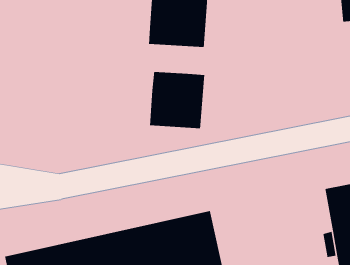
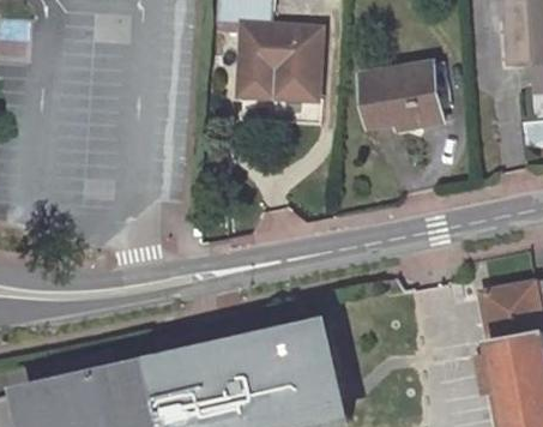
building: none -> [357,62,439,132]
building: [149,71,205,129] -> none

